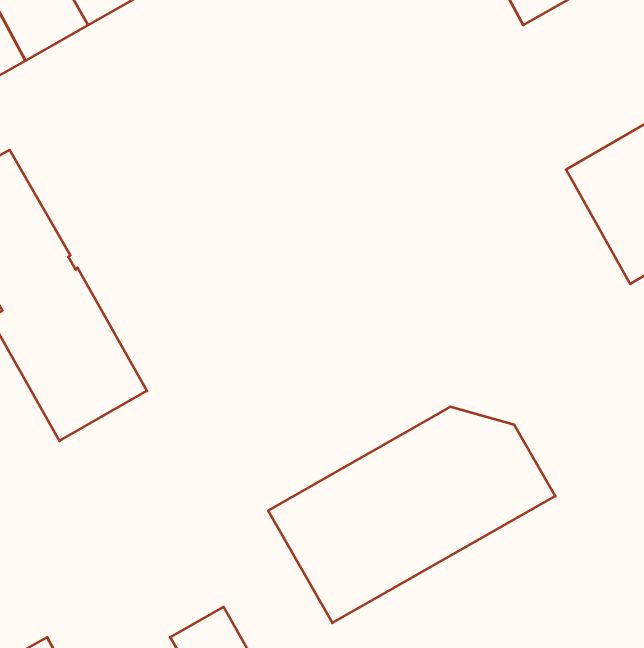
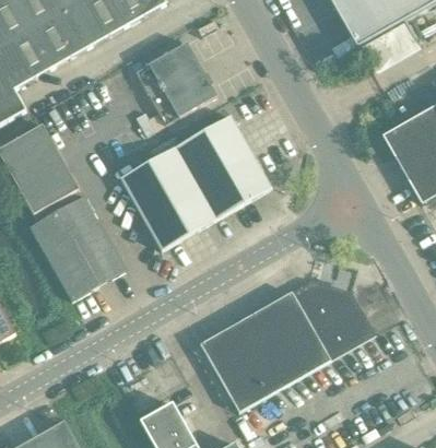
building: none -> [134,42,216,125]
building: none -> [120,115,272,250]

